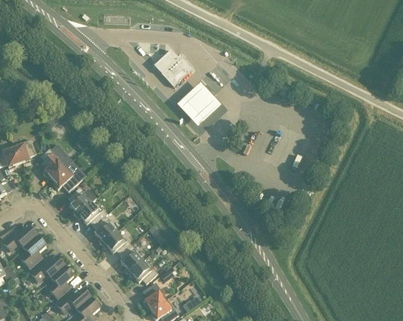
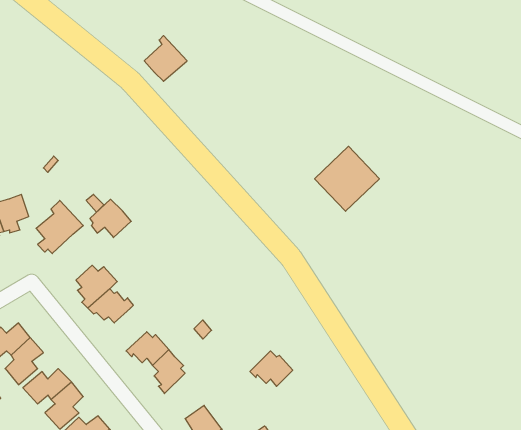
building: [159,54,188,85] -> [144,36,187,81]
building: [177,84,221,128] -> [315,146,379,211]
building: [51,165,79,191] -> [90,199,131,238]
building: [93,215,115,244] -> none
building: [127,259,156,283] -> [250,351,293,386]

